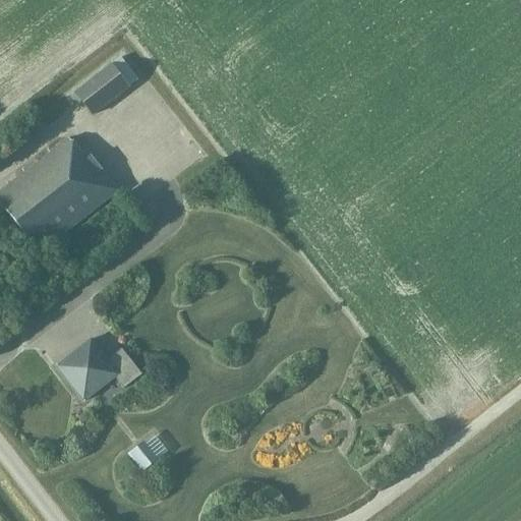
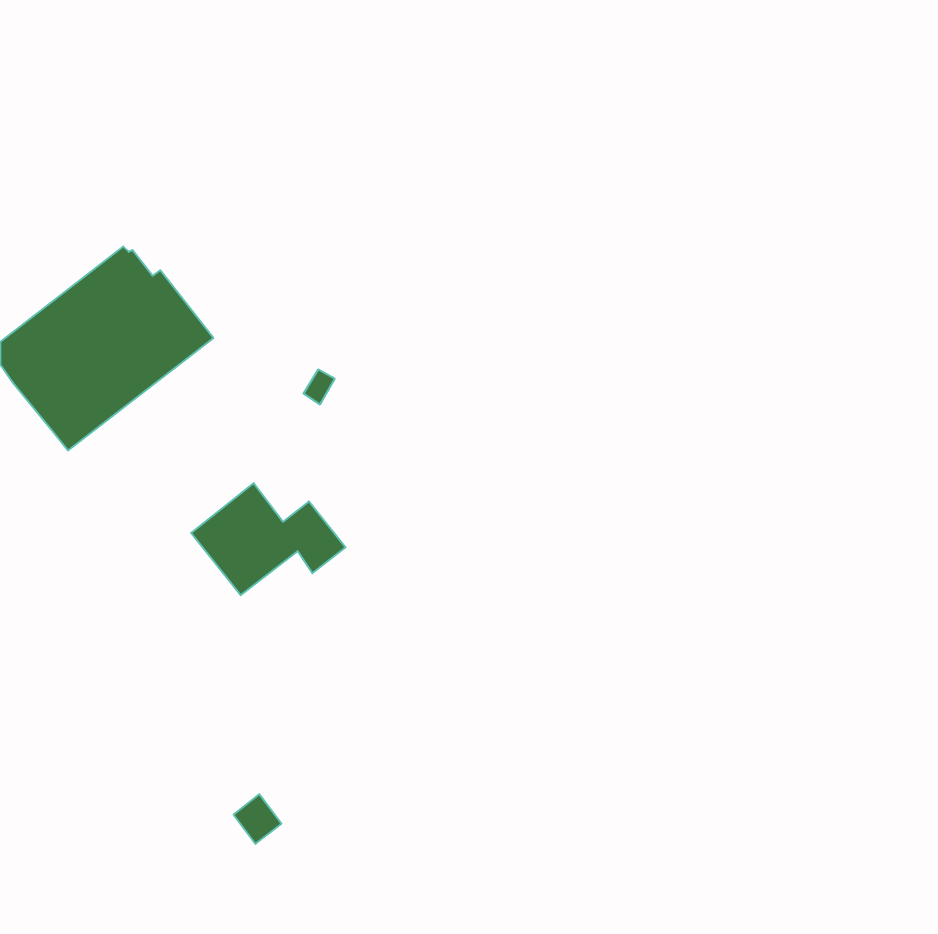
building: [75,62,129,113] -> none
building: [57,337,142,399] -> [191,483,346,595]

